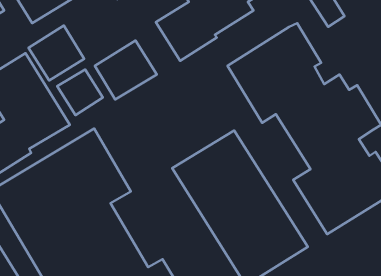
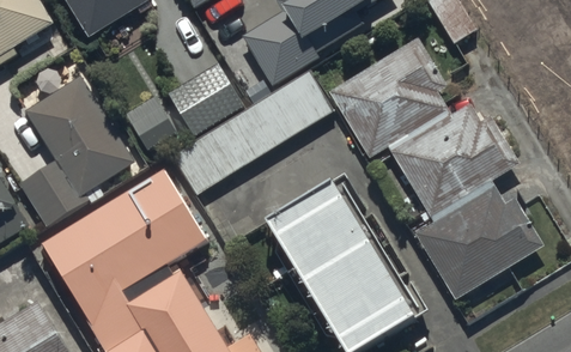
building: [28,26,84,81] -> none
building: none -> [171,71,332,194]

